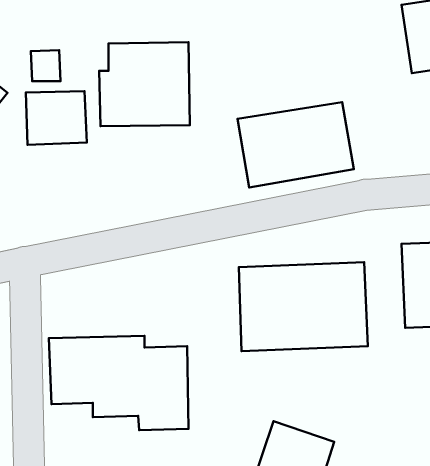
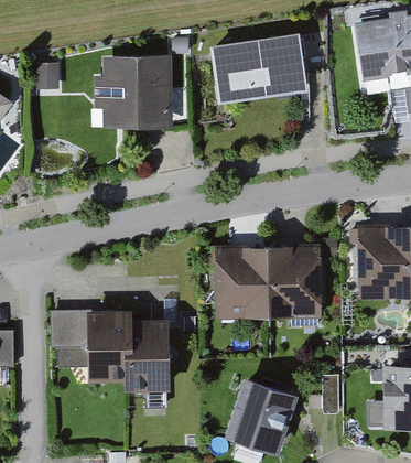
building: [26,91,87,145] -> none
building: [238,102,354,187] -> [212,30,311,103]

